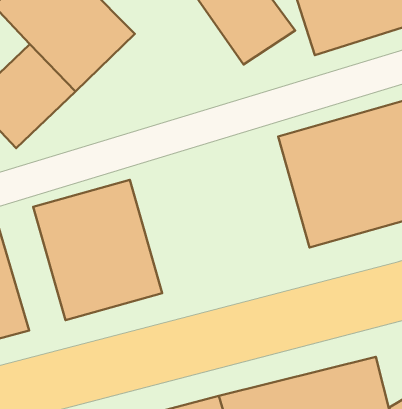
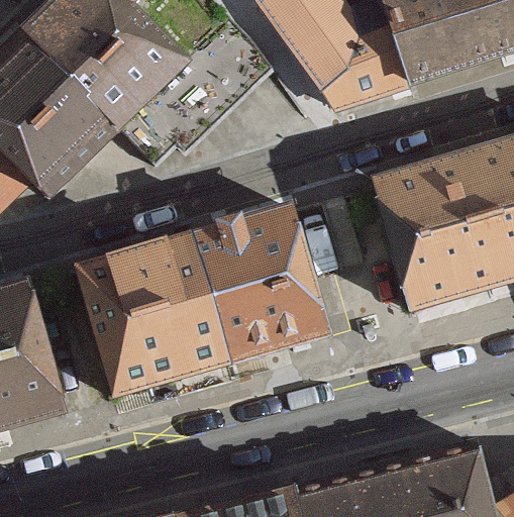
building: none -> [185,203,332,370]

